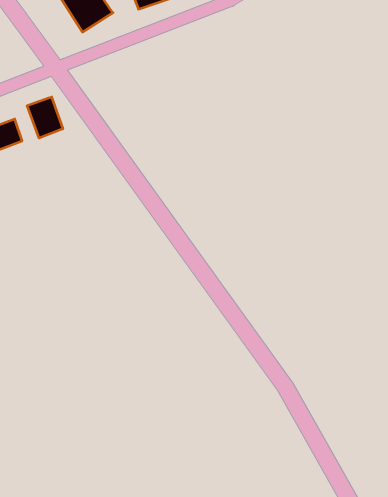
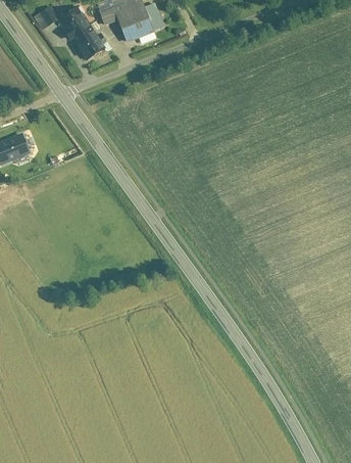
building: [27,97,63,138] -> none

